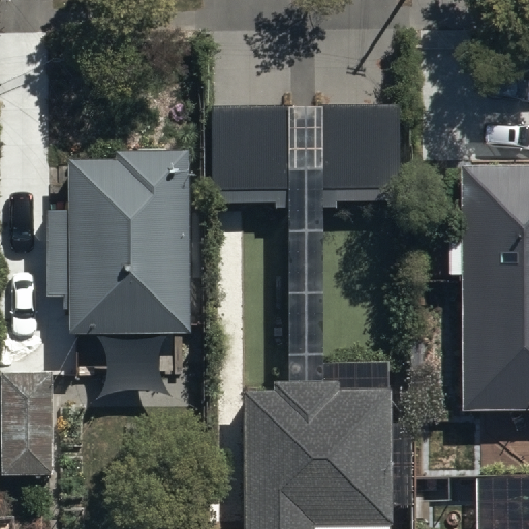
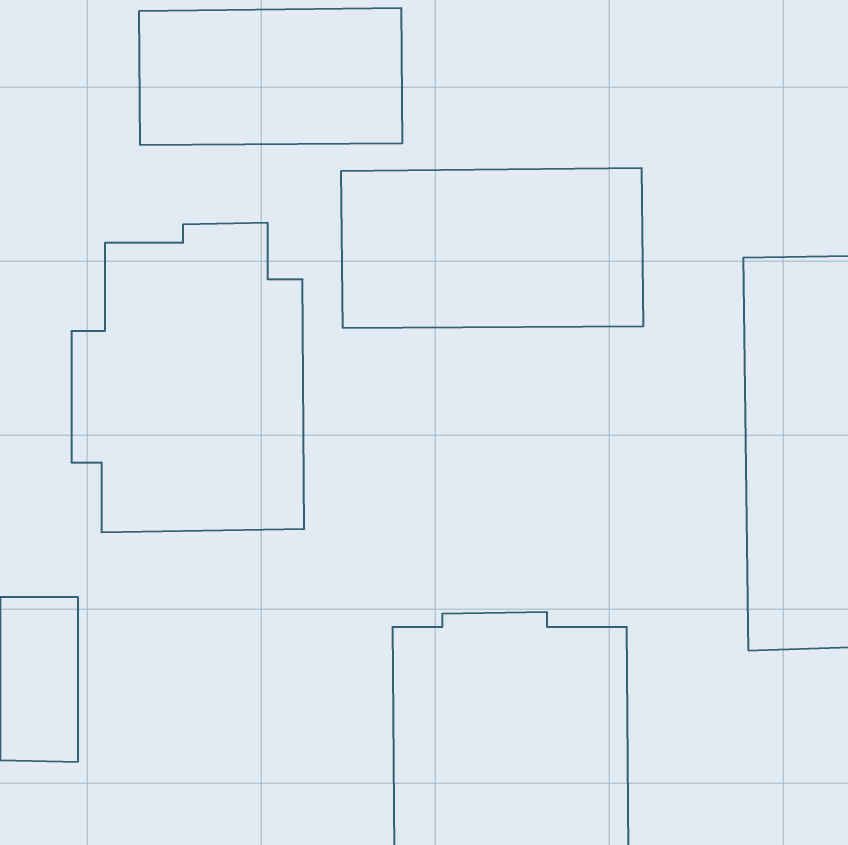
building: none -> [139,8,402,145]

